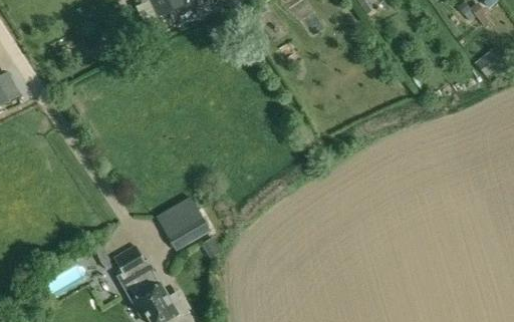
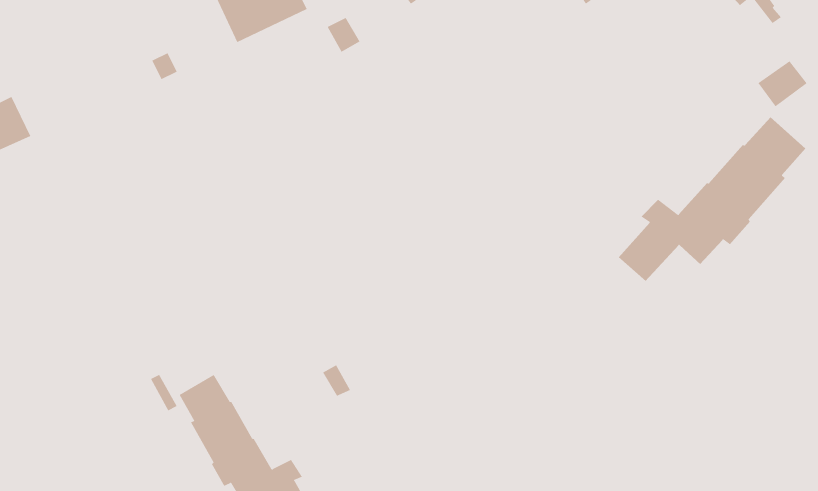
building: none -> [618,117,806,282]
building: [156,192,220,251] -> none

